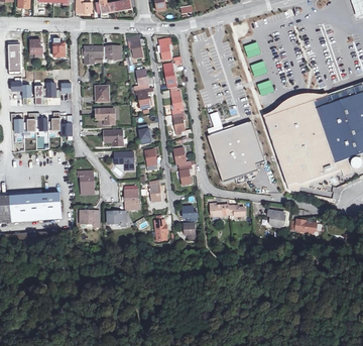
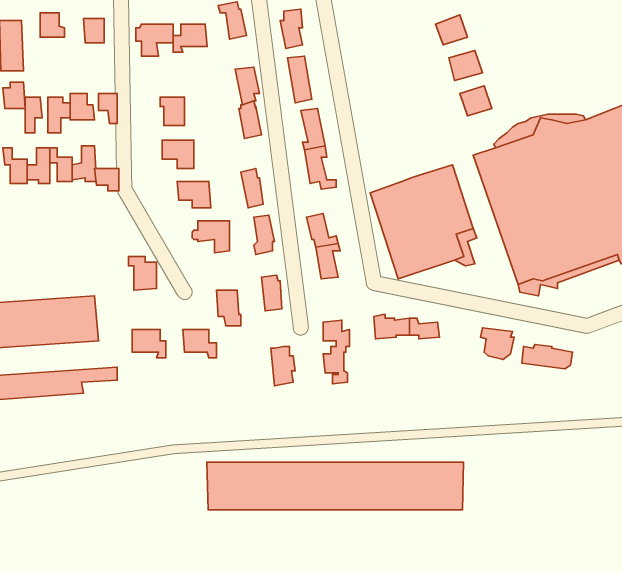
building: none -> [207,462,463,510]

